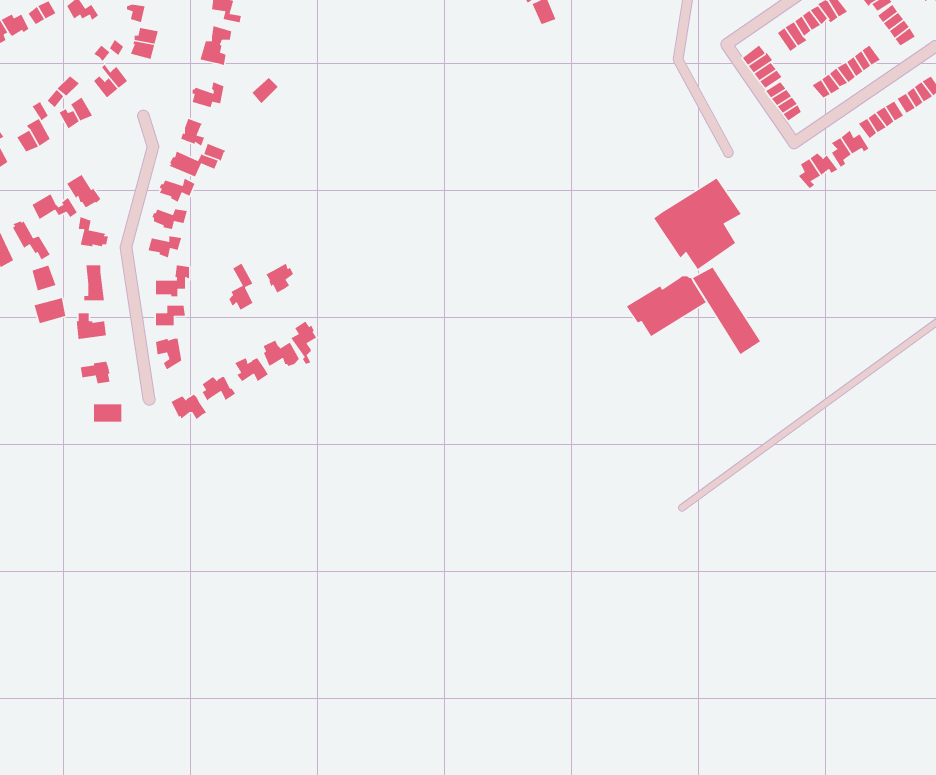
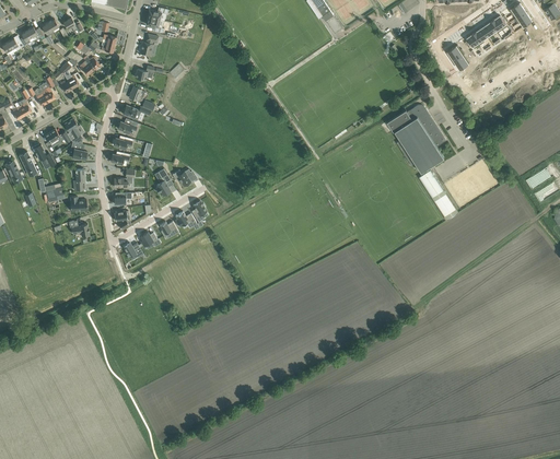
building: [626,275,707,337] -> [386,104,432,139]

